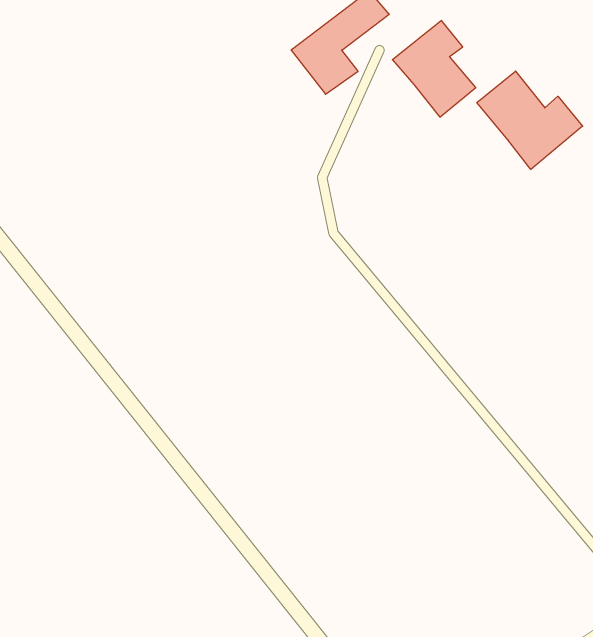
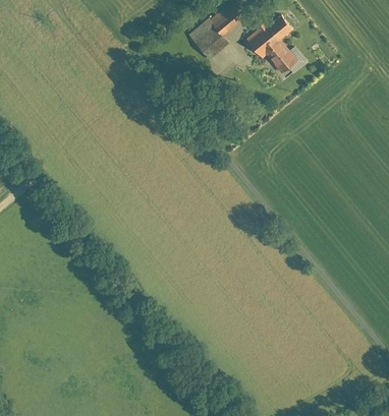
building: [477,71,583,169] -> none

